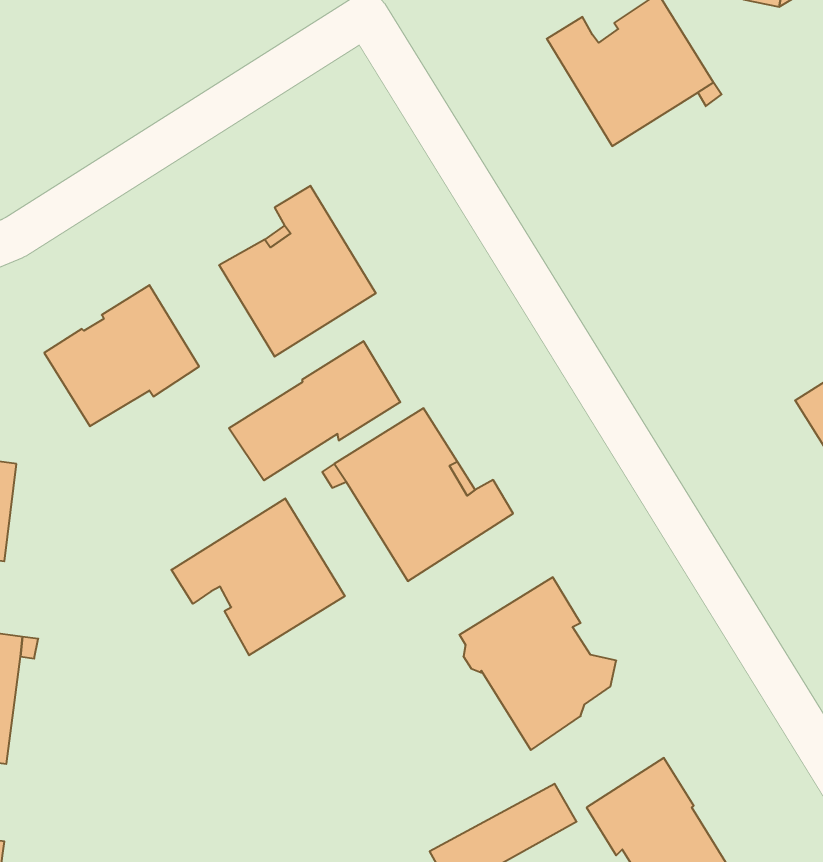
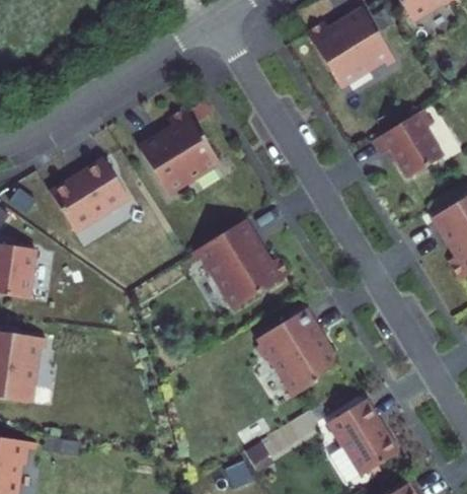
building: none -> [373,110,443,178]
building: [229,341,400,480] -> none
building: [171,498,345,655] -> none

